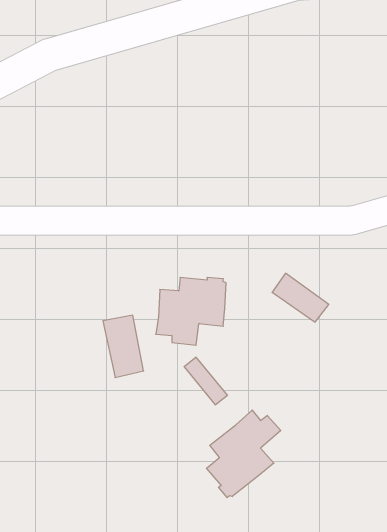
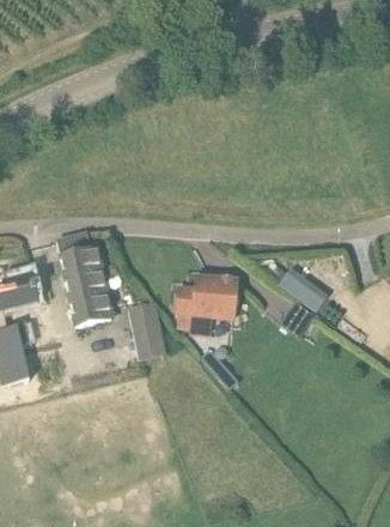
building: none -> [57,230,112,325]
building: [207,410,281,498] -> none

